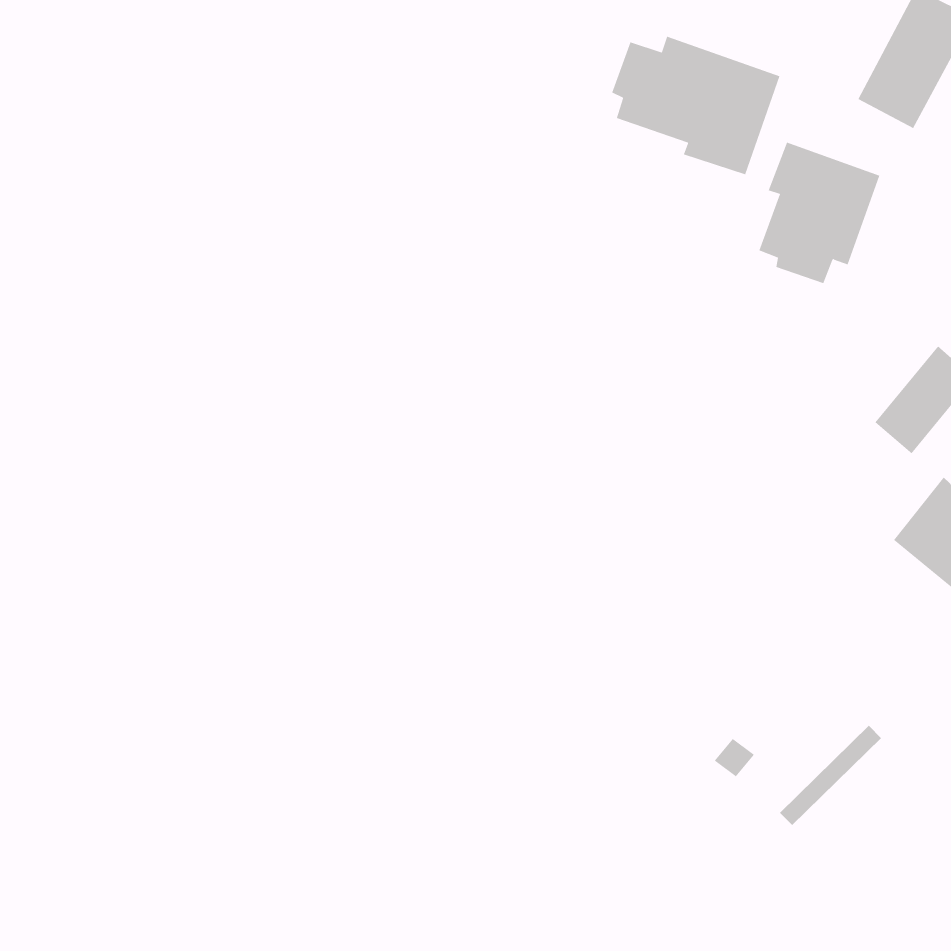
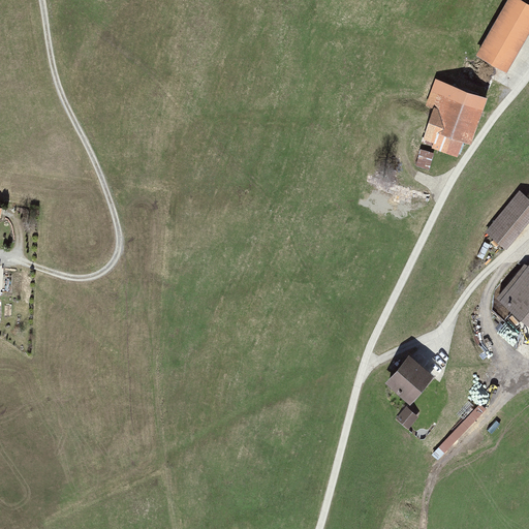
building: [612,36,780,175] -> none
building: none -> [384,353,435,405]

